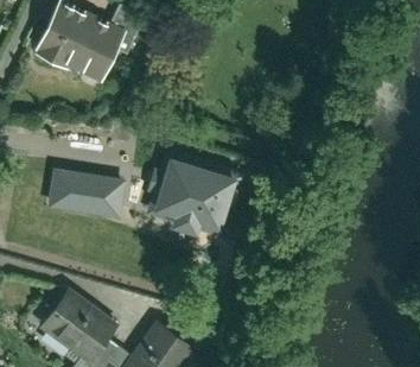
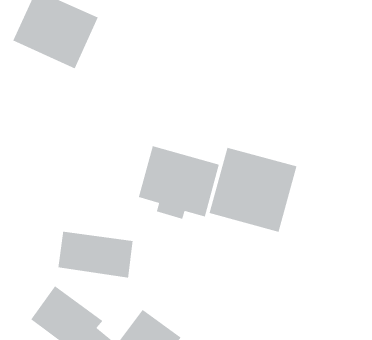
building: none -> [209,147,297,233]
building: [49,170,125,217] -> [58,231,134,278]

